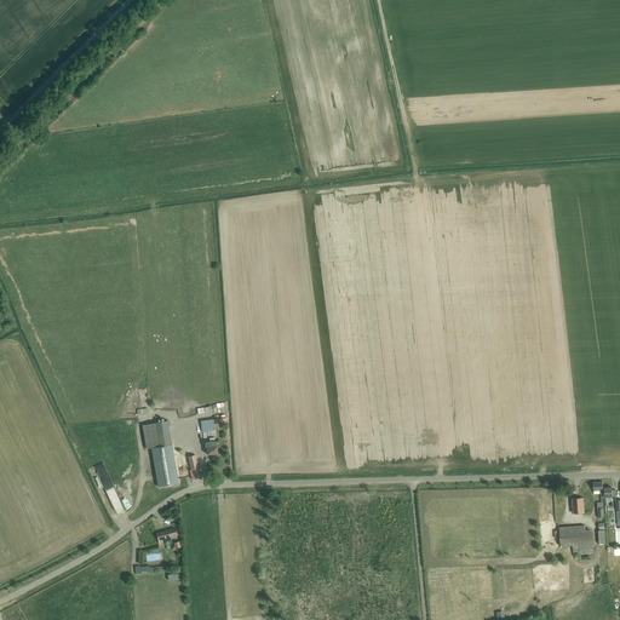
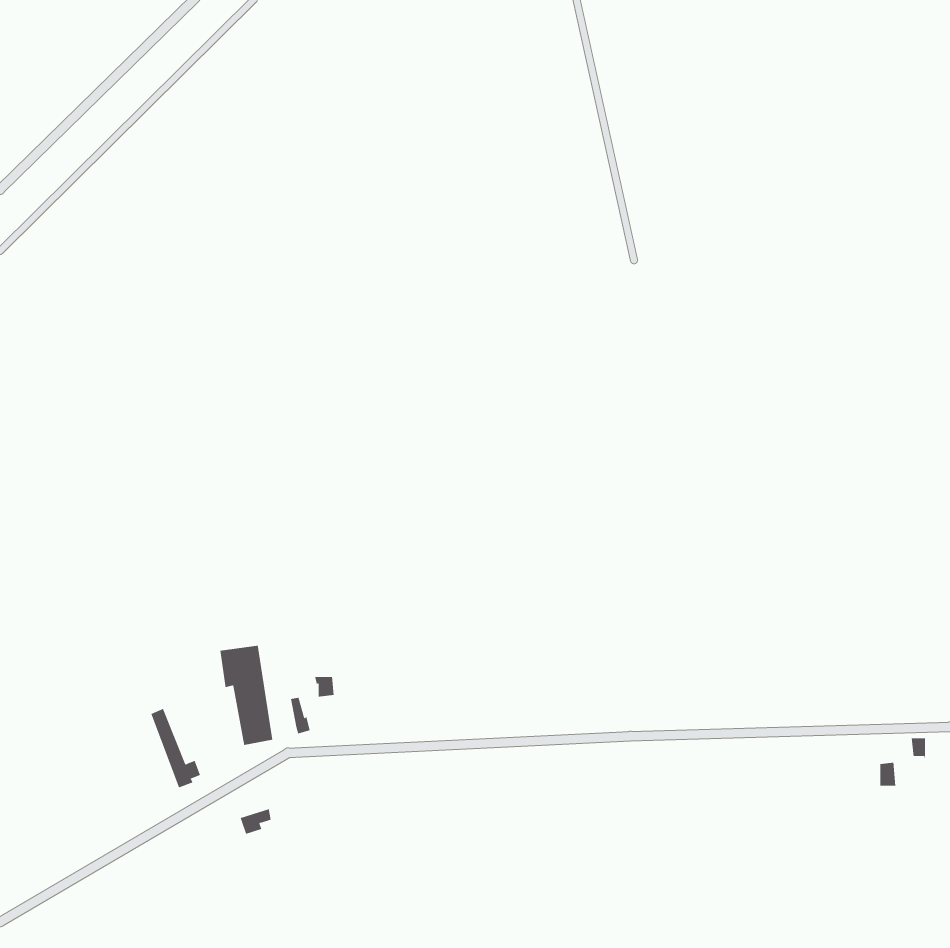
building: [559,524,593,553] -> none

